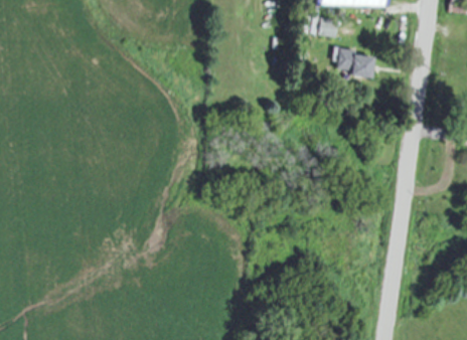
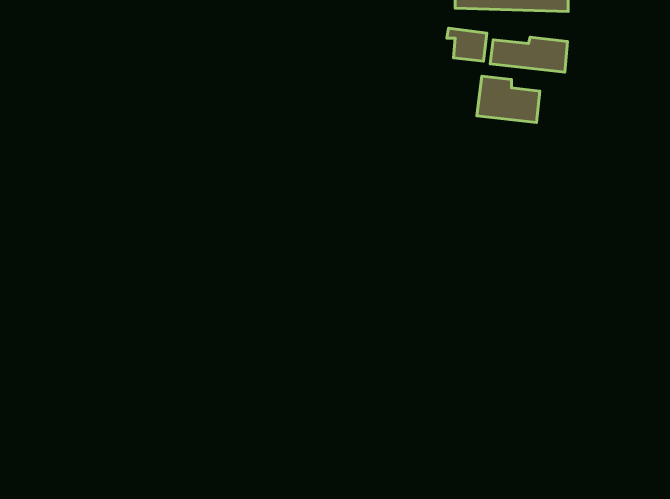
building: none -> [490,37,568,72]

